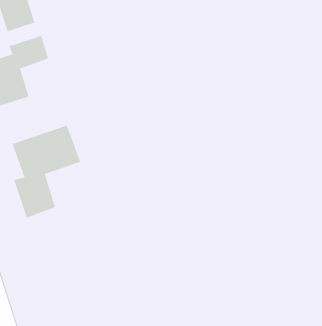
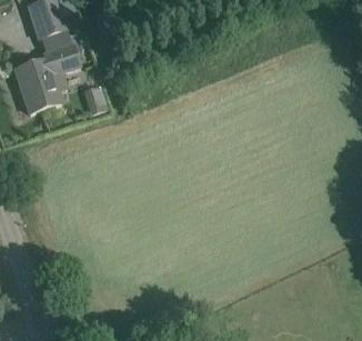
building: [12,125,81,219] -> none

